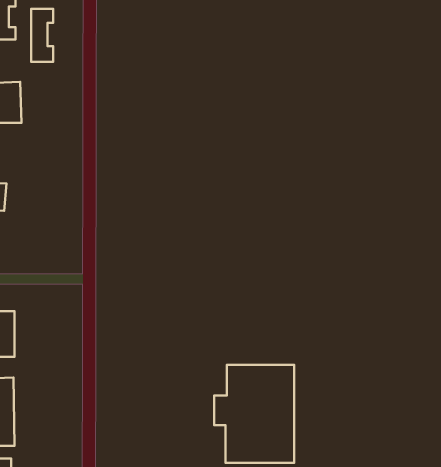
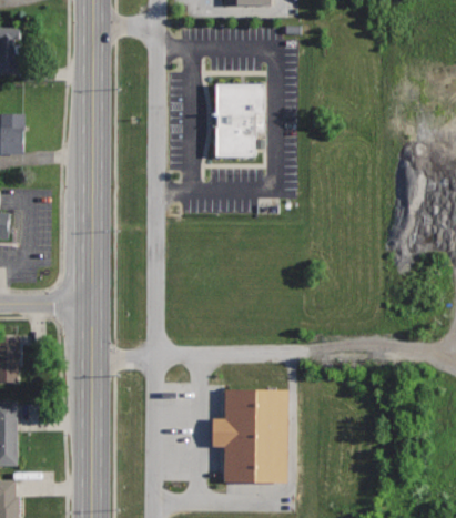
building: [31,9,53,62] -> none
building: none -> [215,84,263,154]

